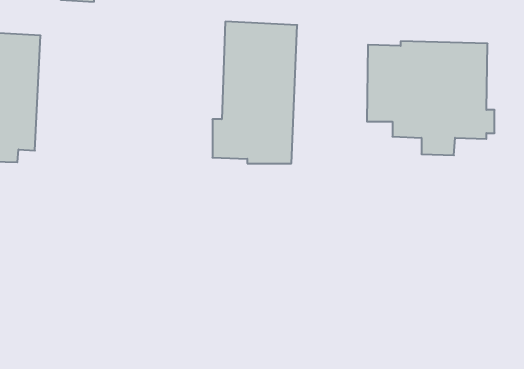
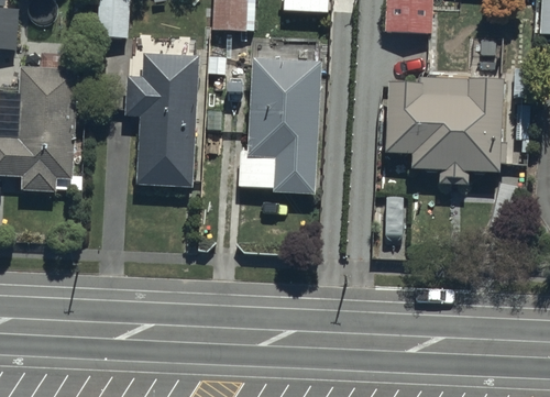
building: none -> [127,52,198,185]

